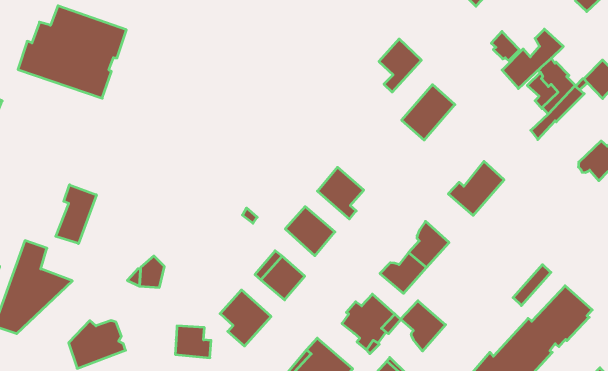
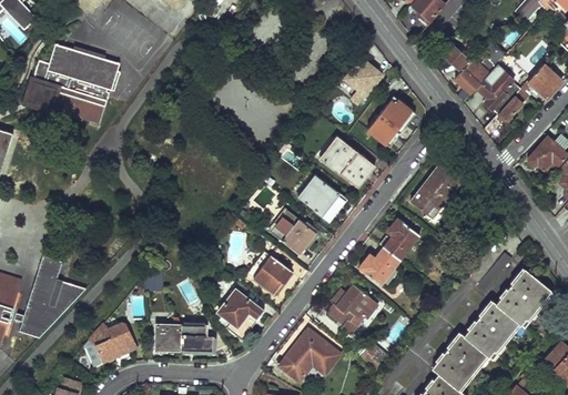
building: none -> [322,134,375,188]
building: [56,185,96,244] -> none
building: [400,301,446,351] -> none
building: none -> [154,325,180,352]

